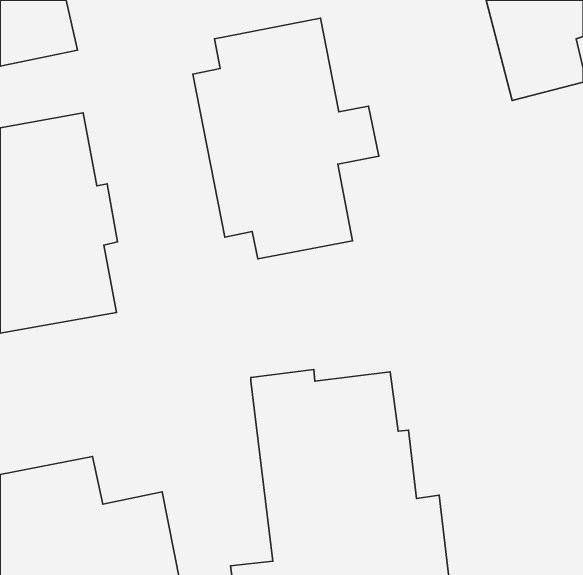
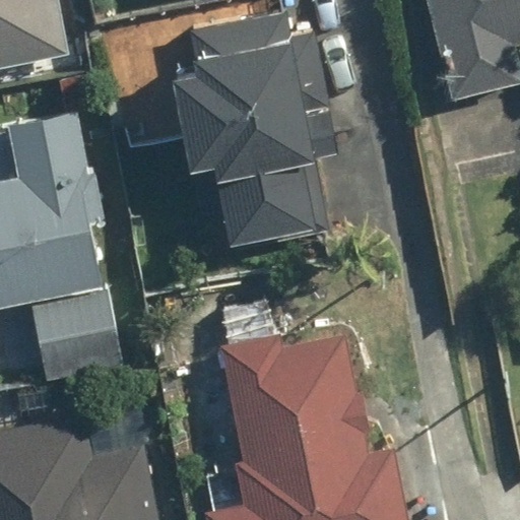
building: none -> [29,295,121,377]

